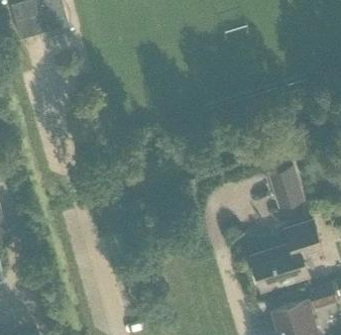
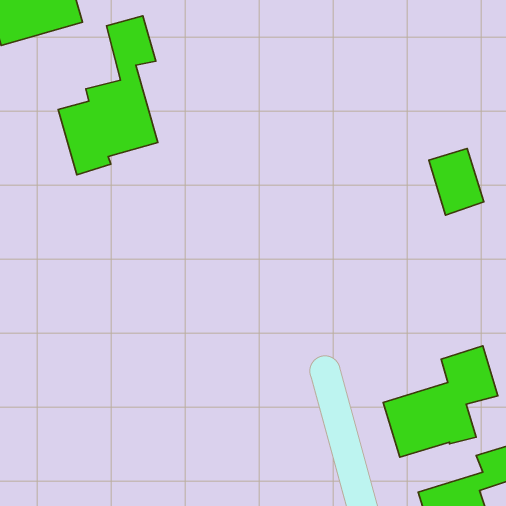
building: none -> [58,16,158,175]
building: [268,169,302,209] -> [429,149,484,215]

